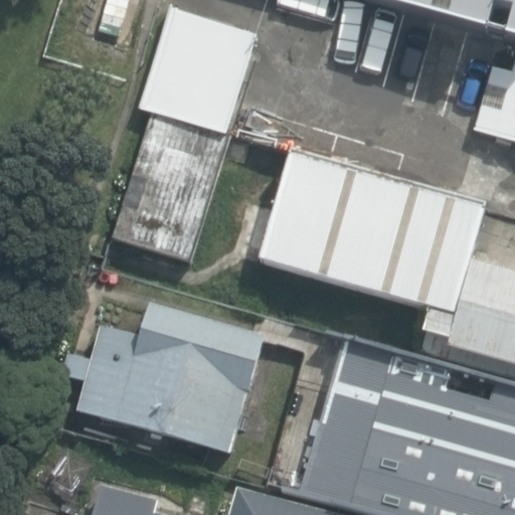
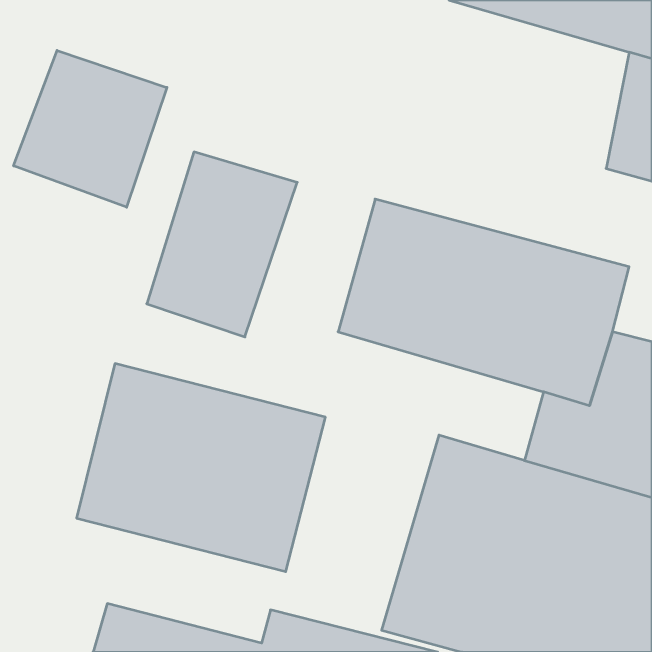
building: [153,14,267,144] -> none
building: none -> [14,50,167,207]

